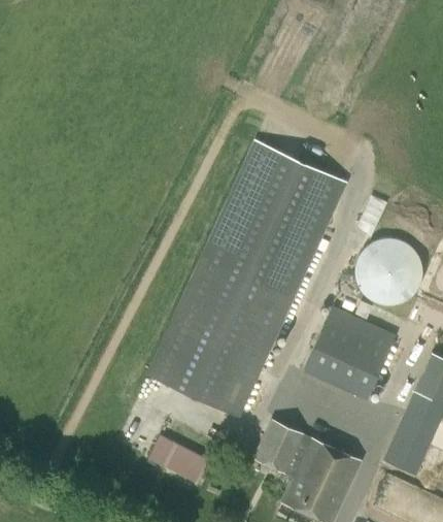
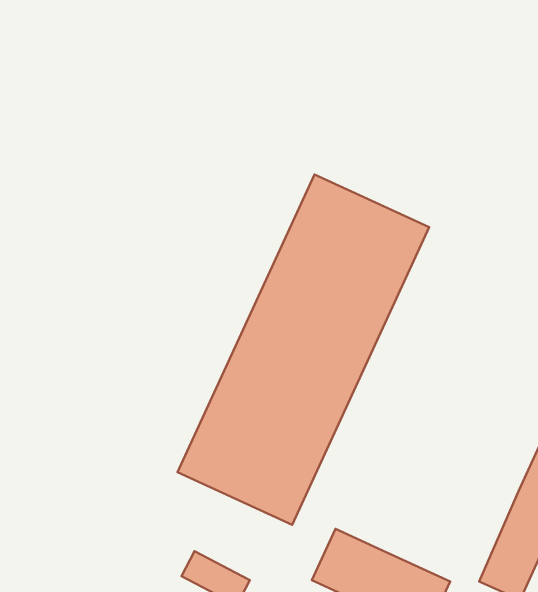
building: [354,234,421,301] -> none
building: [303,306,396,399] -> none

